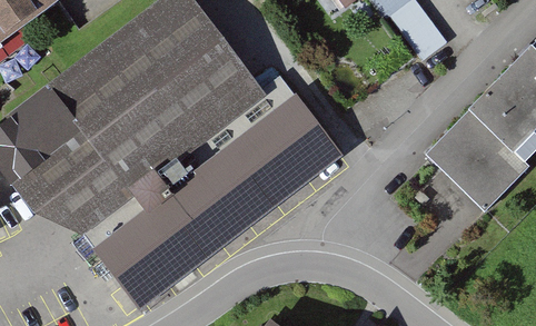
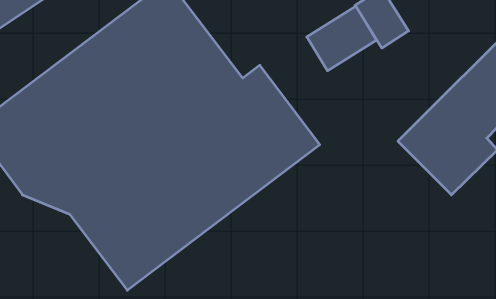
building: none -> [307,6,376,71]

